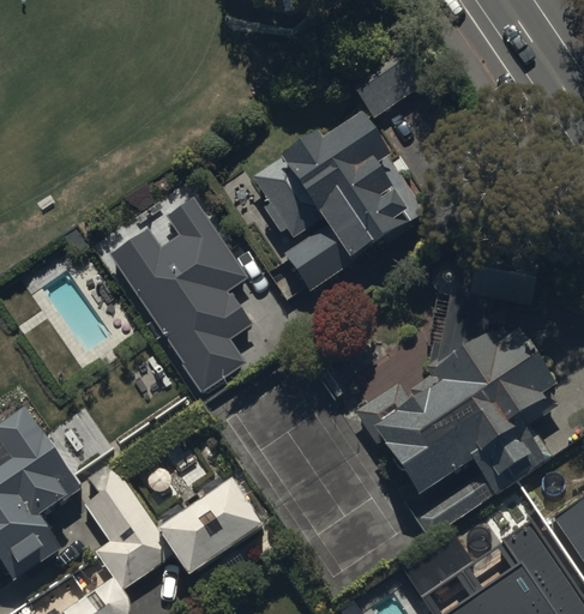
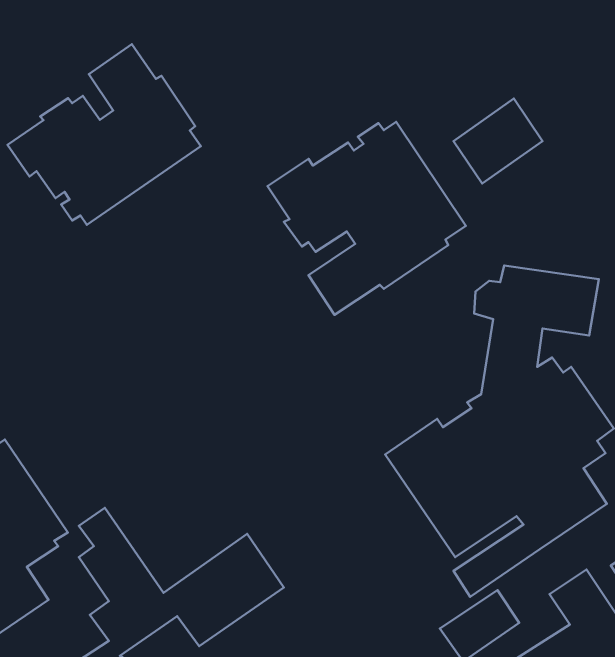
building: [349,48,427,122] -> [454,99,543,184]
building: none -> [8,44,201,225]
building: [107,193,254,386] -> none

